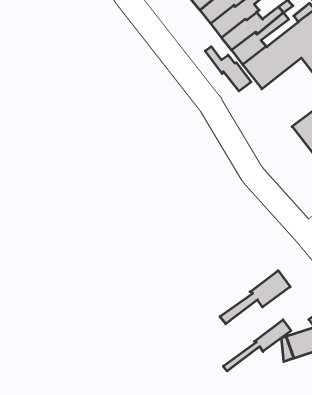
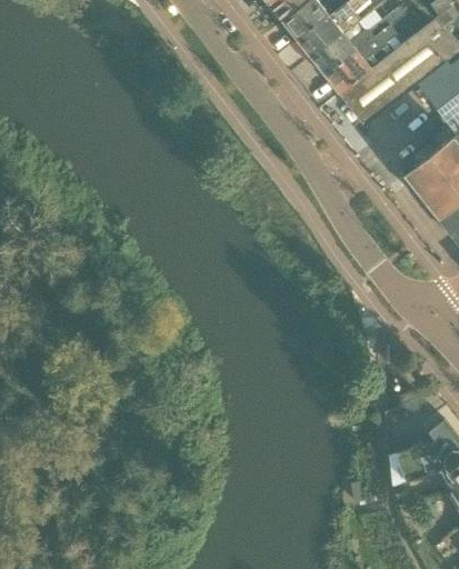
building: [205,47,251,91] -> none
building: [220,271,290,324] -> none
building: [223,320,291,371] -> none

